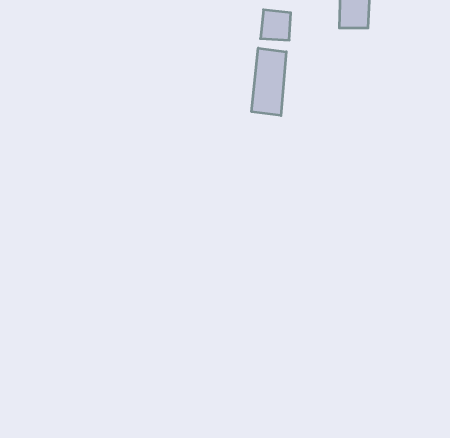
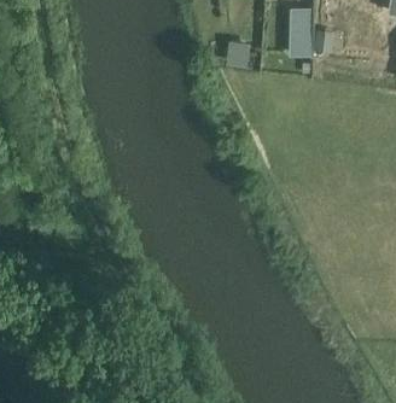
building: [252,48,286,116] -> none

